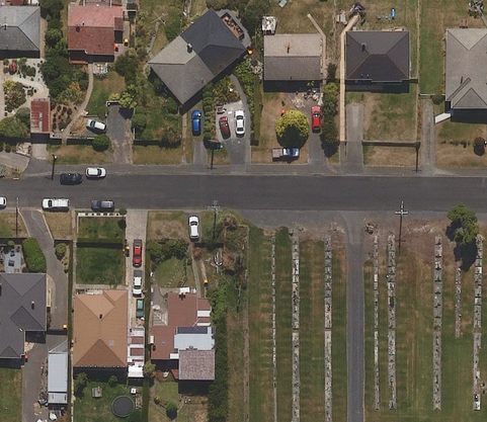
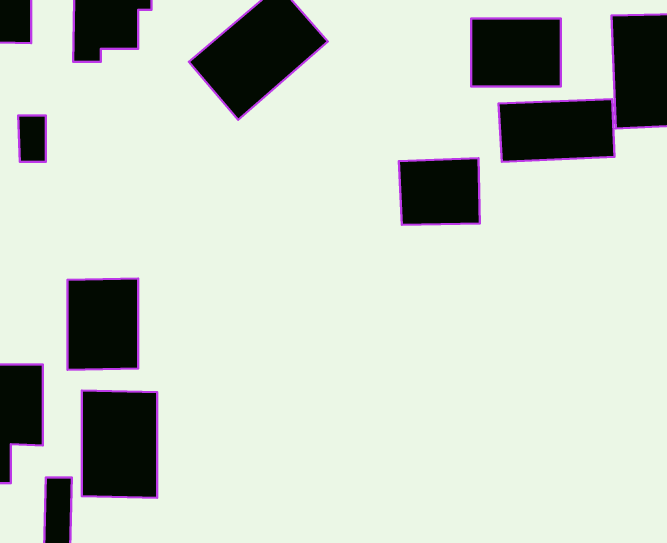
building: [263,33,320,80] -> [399,158,480,225]
building: none -> [499,99,614,162]
building: none -> [67,278,138,370]
building: [152,297,215,379] -> none

